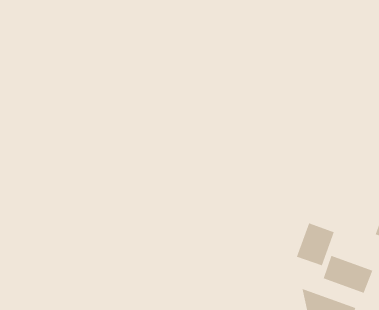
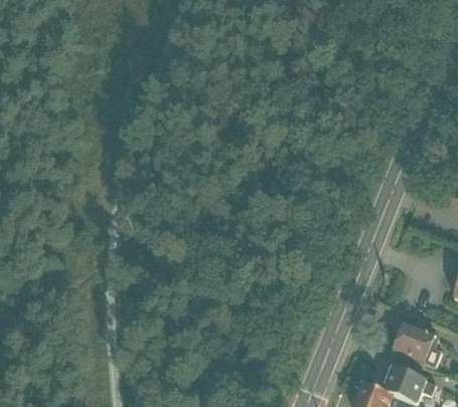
building: [296,222,334,266] -> none

